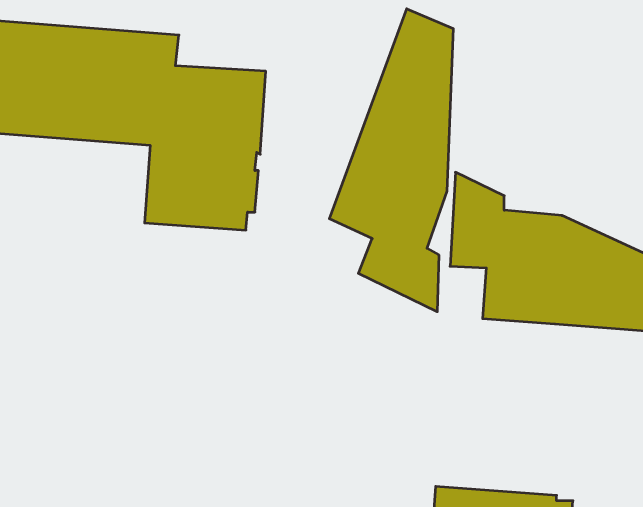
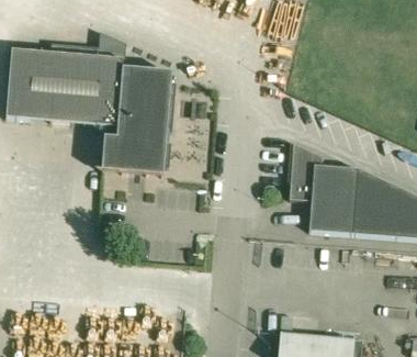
building: [329,9,453,312] -> none

